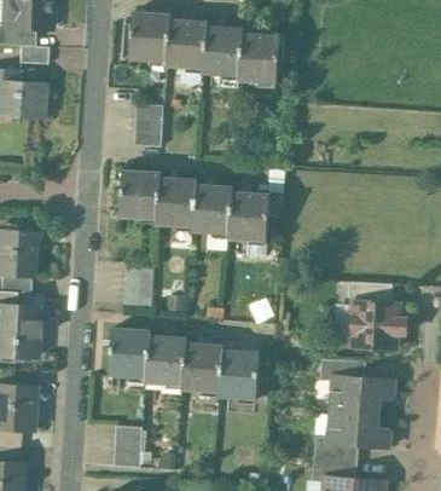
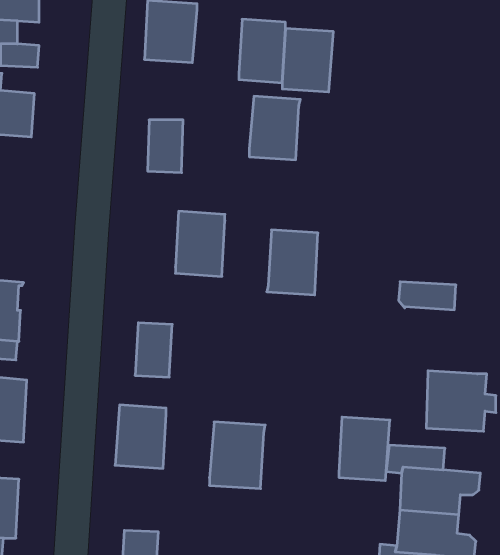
building: [169,19,209,69] -> [249,96,300,160]
building: [120,169,159,220] -> none
building: [192,184,231,235] -> none
building: [348,282,393,304] -> [399,282,456,310]
building: [145,335,186,385] -> none
building: [222,350,262,399] -> [339,417,390,481]

